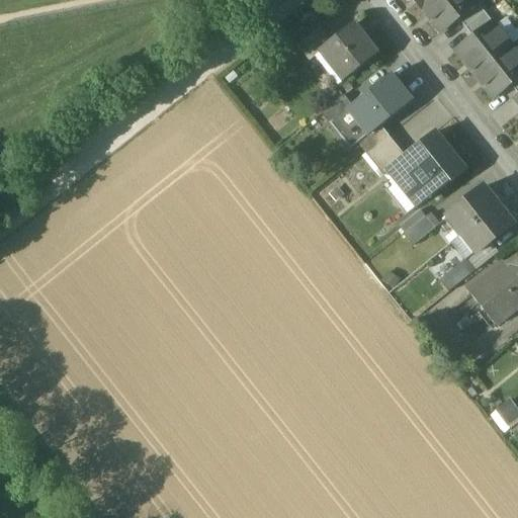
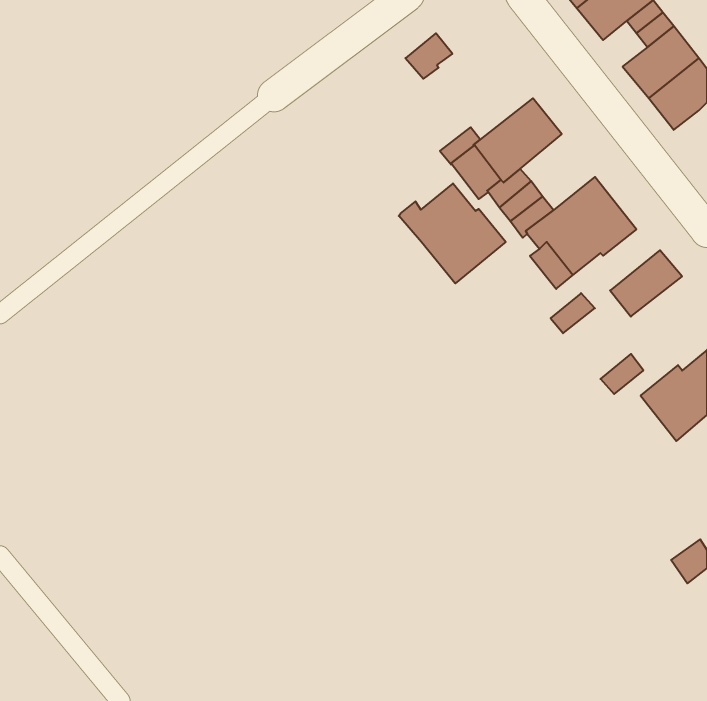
building: [324,20,375,74] -> none
building: none -> [399,183,506,283]
building: [461,202,513,251] -> none

